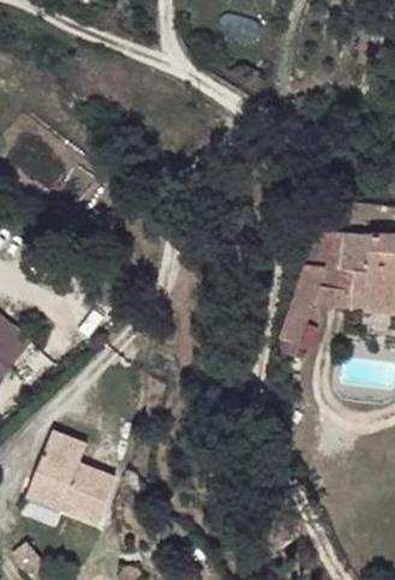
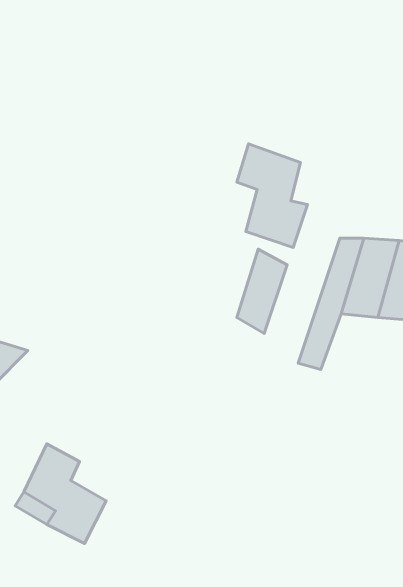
building: none -> [237,144,307,247]
building: none -> [237,249,287,333]

